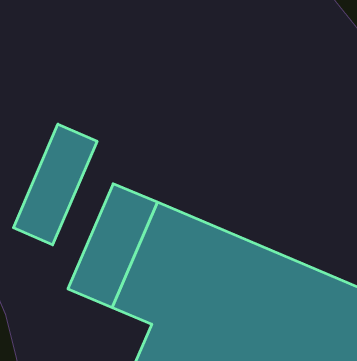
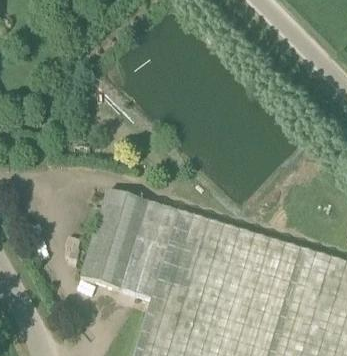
building: [13,124,97,245] -> none

